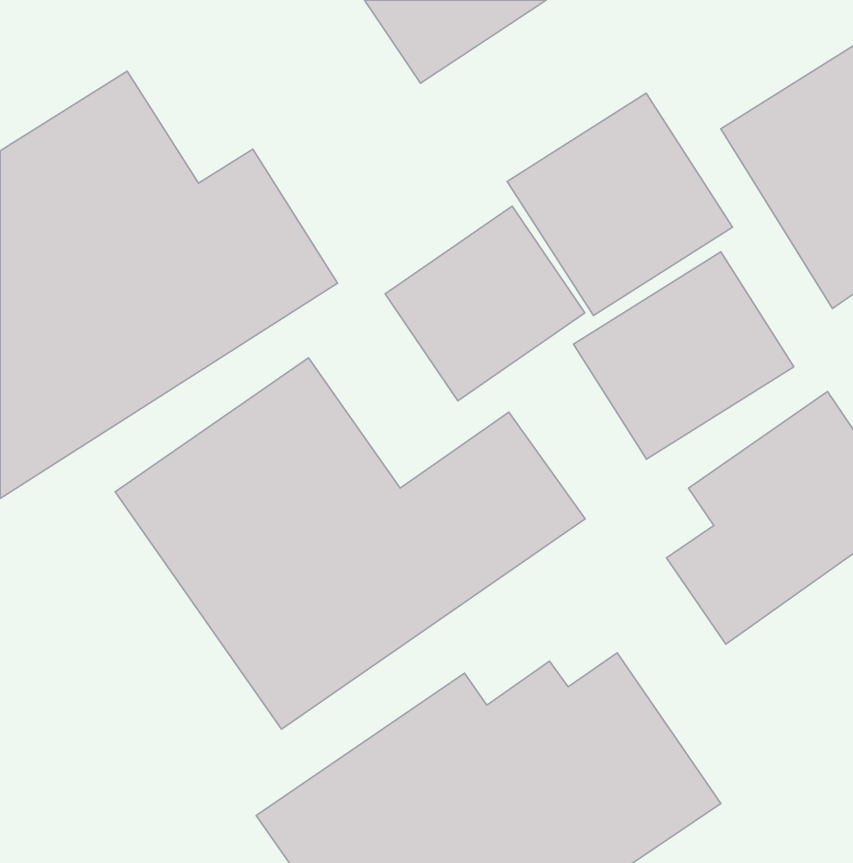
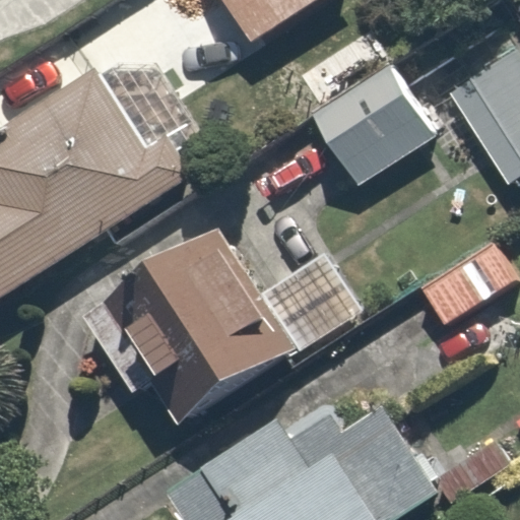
building: [385,206,585,401] -> none
building: [574,252,794,459] -> none

